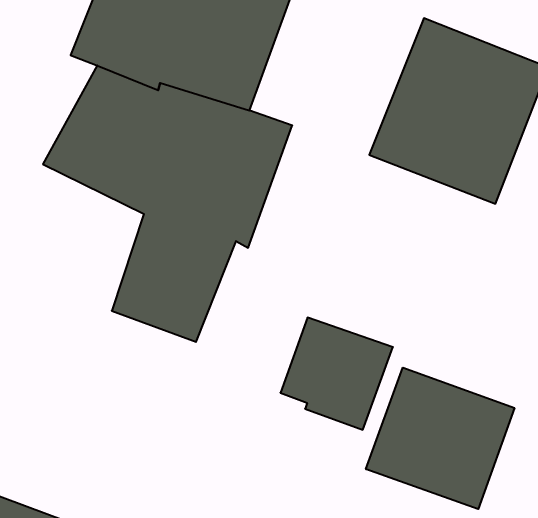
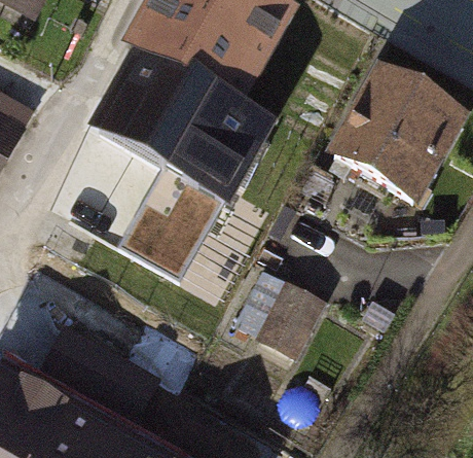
building: [366,368,514,509] -> none

